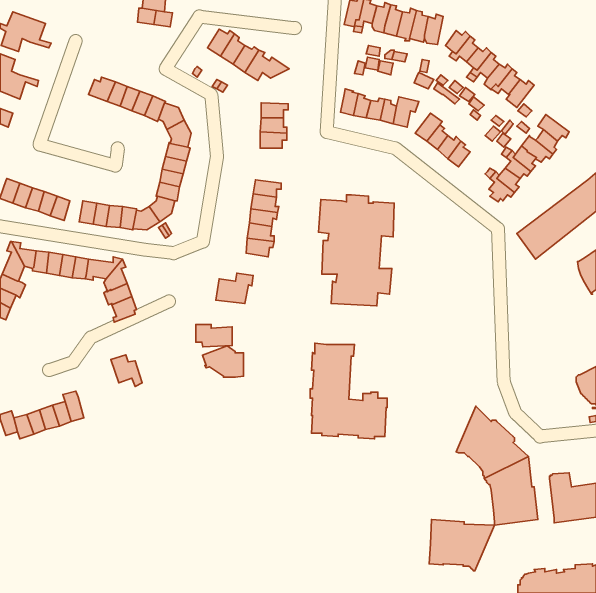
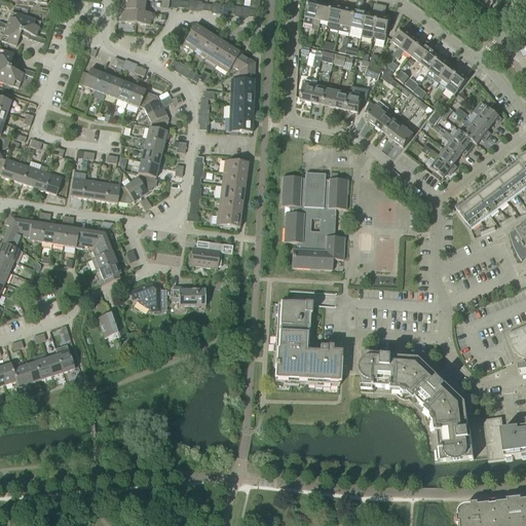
building: none -> [230,61,255,91]
building: [203,346,243,377] -> [130,281,166,309]
building: [429,519,495,571] -> [362,352,419,398]

